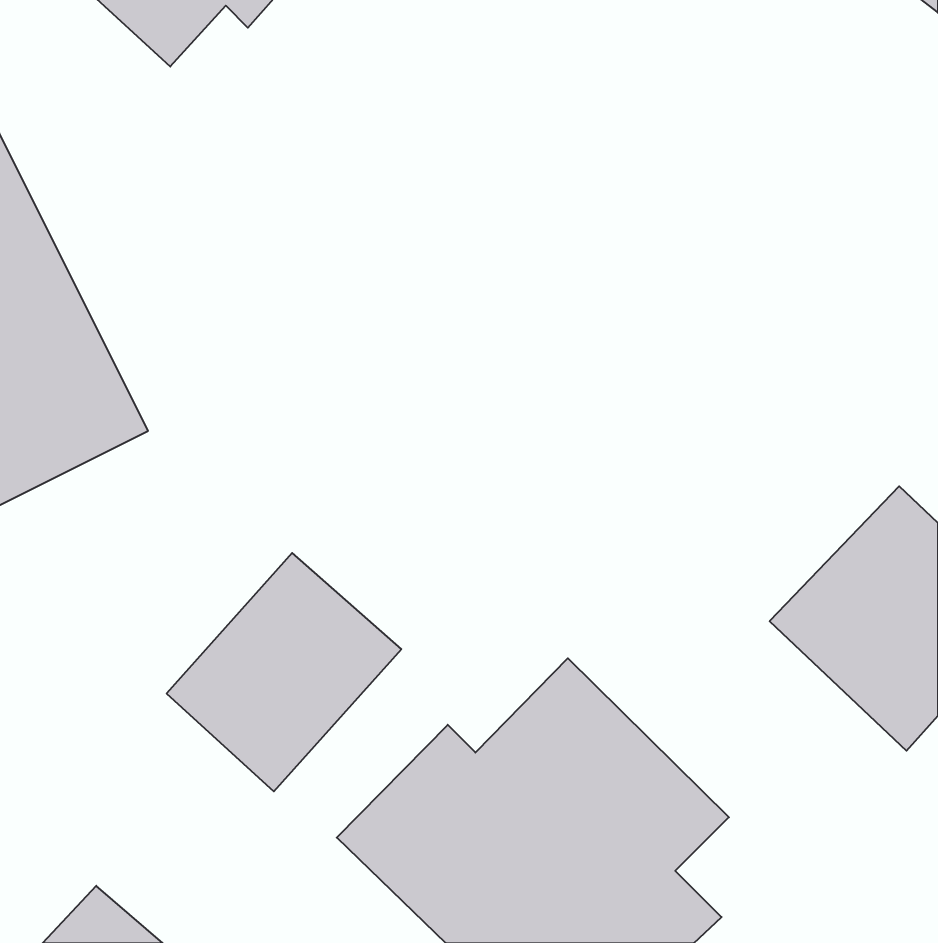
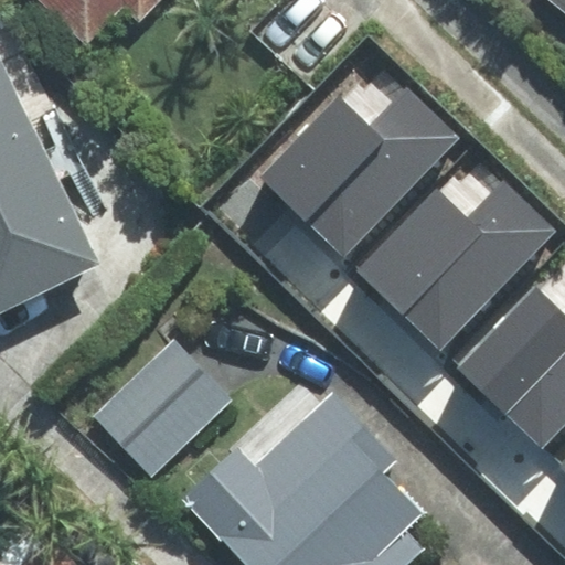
building: none -> [259,85,455,257]
building: none -> [358,180,553,351]

